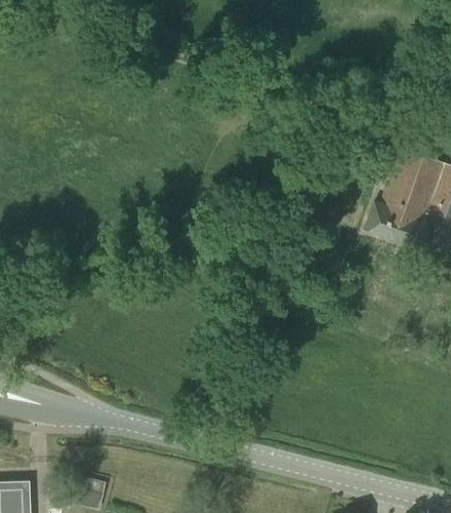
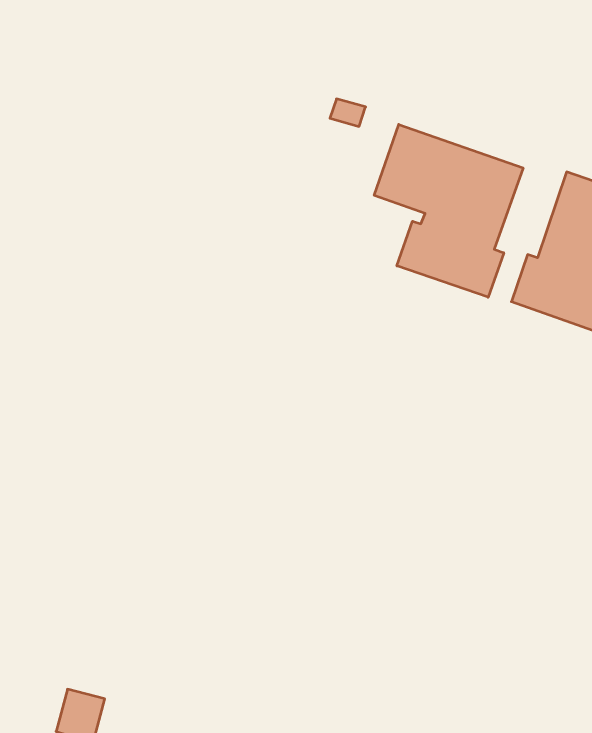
building: none -> [374,124,523,297]

